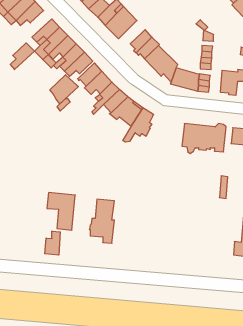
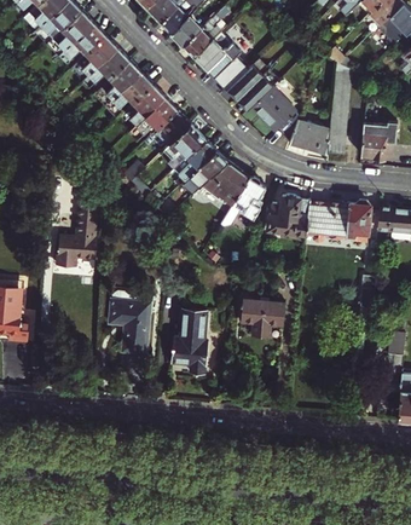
building: none -> [213,54,247,90]
building: [10,43,34,70] -> [81,35,116,74]
building: [50,75,78,104] -> none
building: none -> [267,196,308,232]
building: none -> [60,217,100,258]
building: none -> [241,298,284,339]
building: [45,231,60,255] -> none

